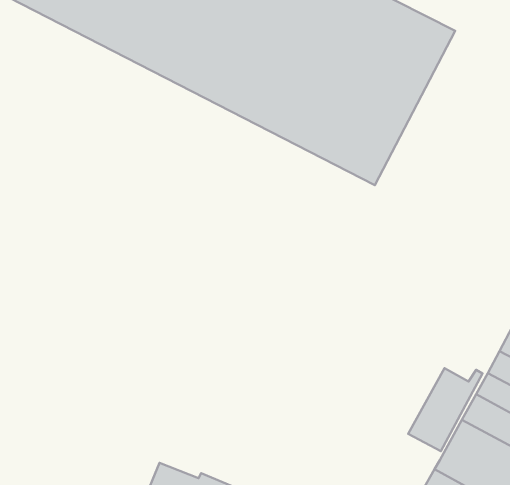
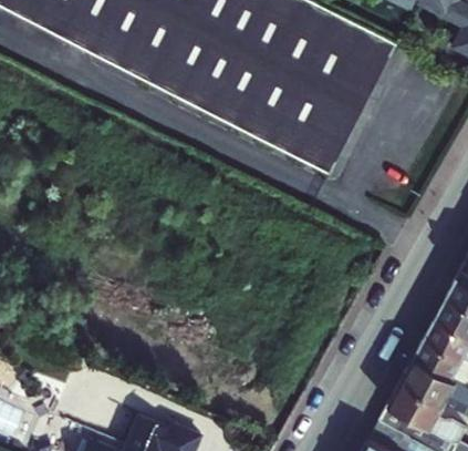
building: [408,368,483,451] -> none

